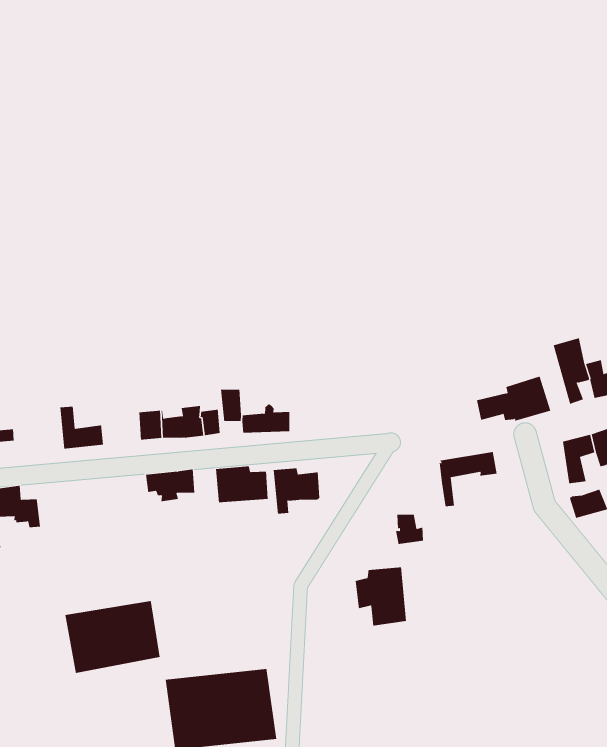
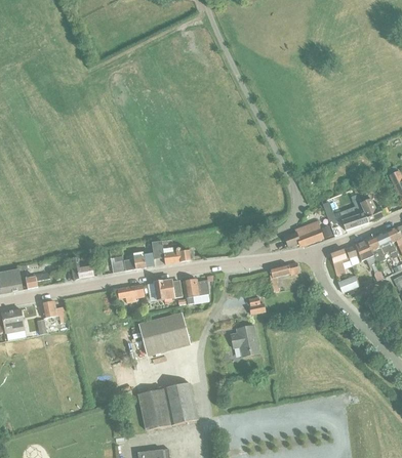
building: [65,600,160,673] -> [138,313,190,353]

